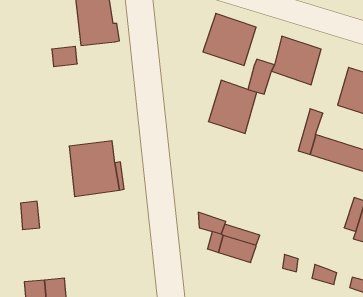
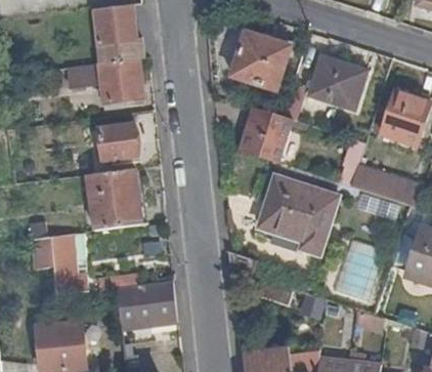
building: none -> [97,60,142,111]
building: none -> [95,126,135,162]
building: none -> [260,174,343,254]
building: none -> [49,236,84,298]
building: none -> [115,284,175,331]

